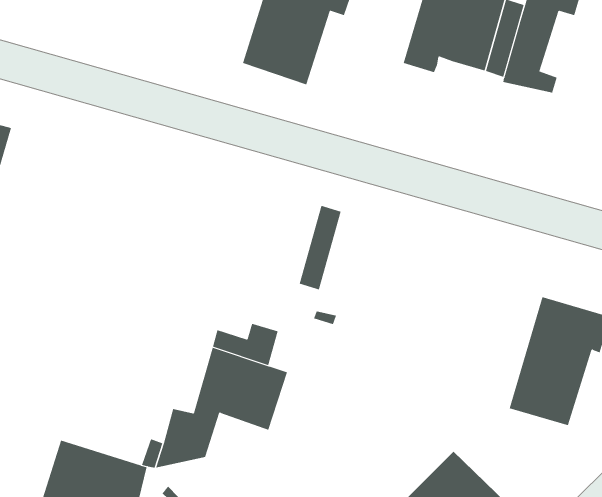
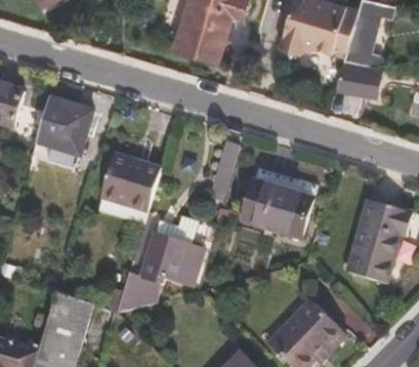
building: none -> [334,65,379,95]
building: none -> [36,96,93,155]
building: none -> [100,153,161,211]
building: none -> [243,179,313,237]

